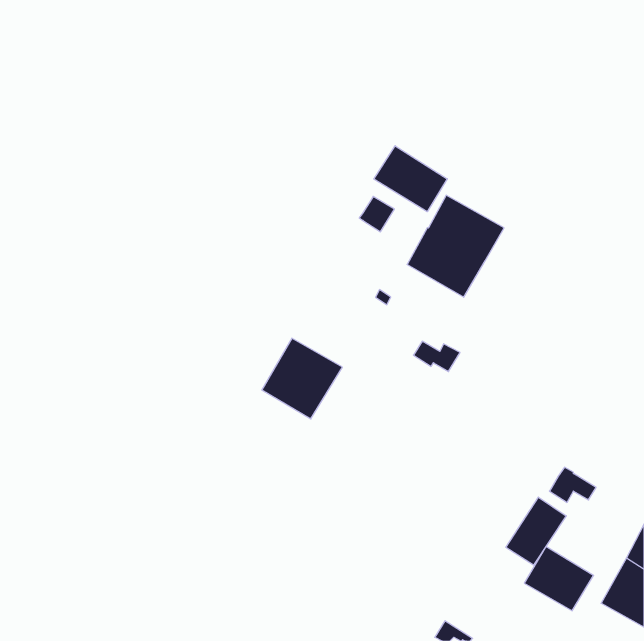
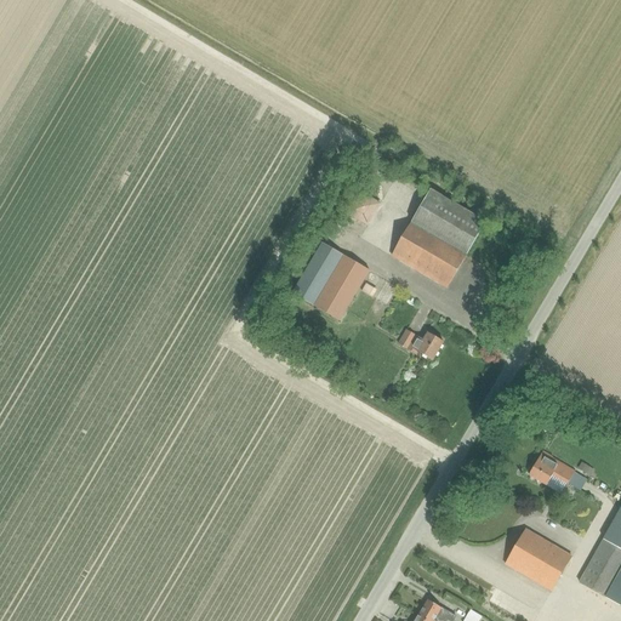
building: [374,146,447,212] -> none
building: [262,338,342,419] -> [291,241,369,319]
building: [506,497,566,565] -> none

